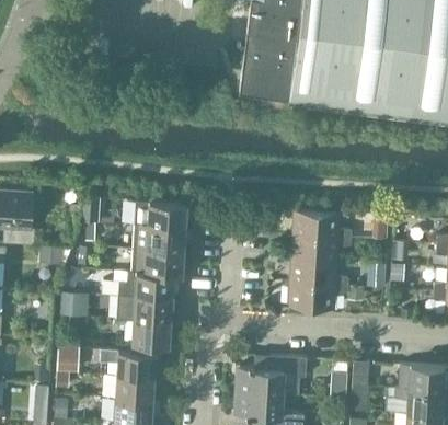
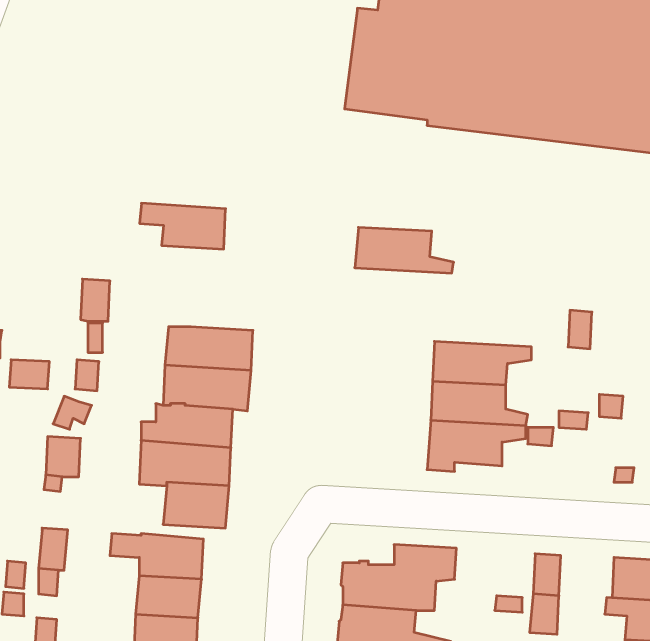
building: [134,199,185,227] -> [140,203,226,249]
building: [292,209,352,237] -> [355,227,454,273]

